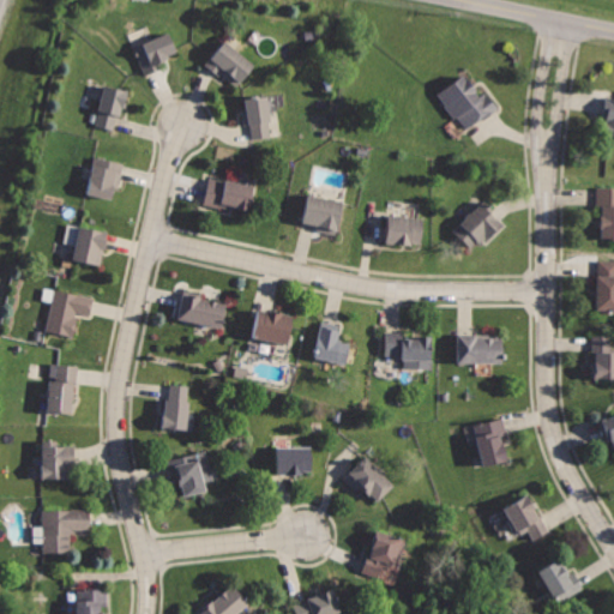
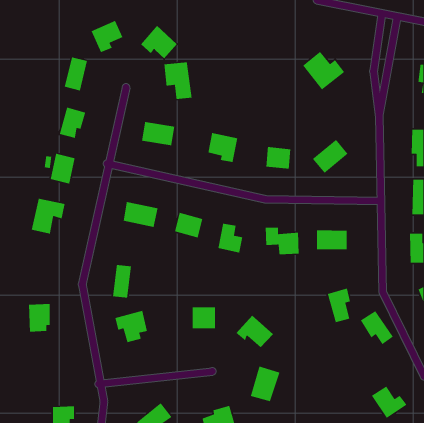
building: [43,365,78,416] -> none
building: [504,495,553,546] -> [360,310,394,345]
building: [43,510,90,554] -> none

